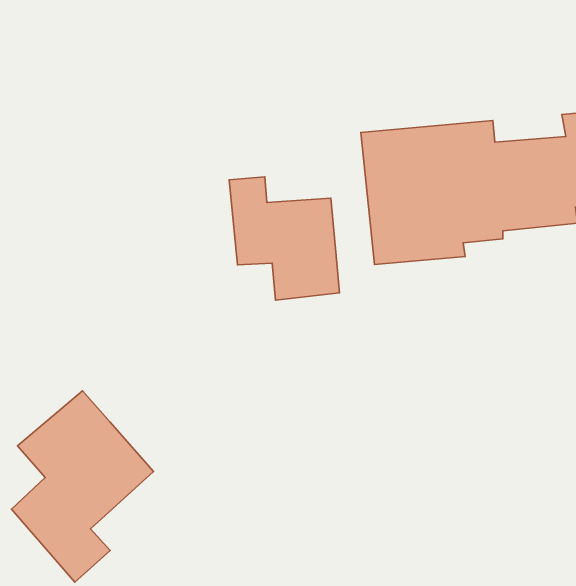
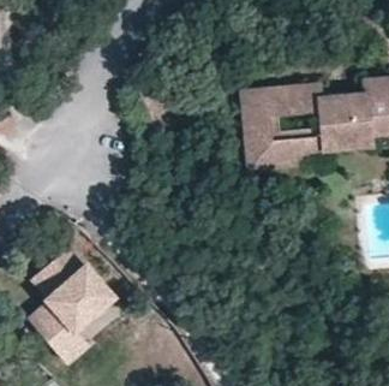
building: [229,177,340,300] -> none

